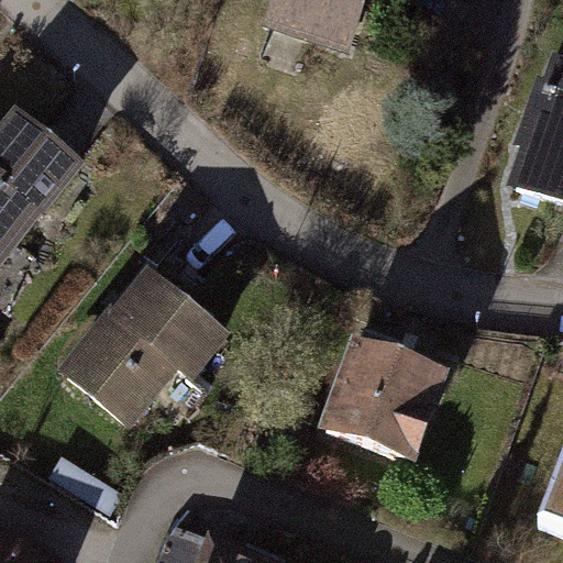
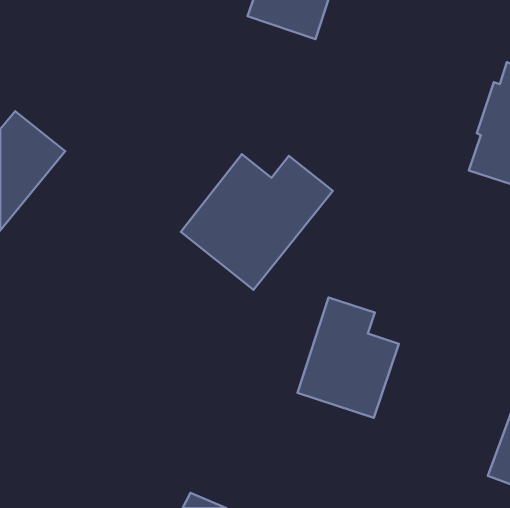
building: none -> [181,154,333,290]
building: [69,279,221,420] -> none

